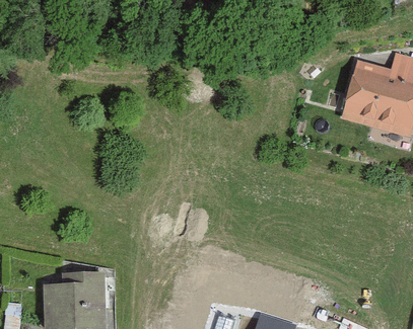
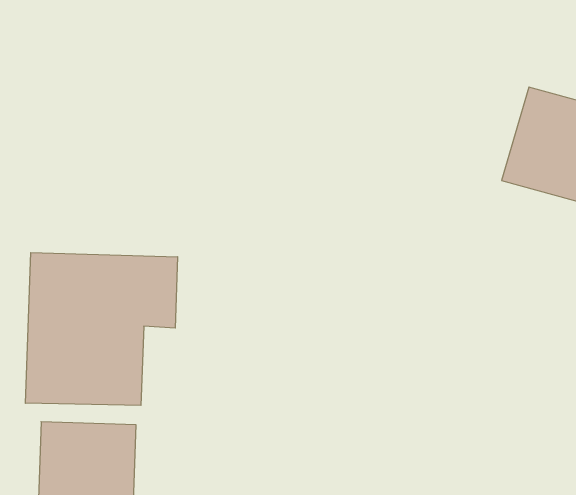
building: none -> [25,253,178,405]

